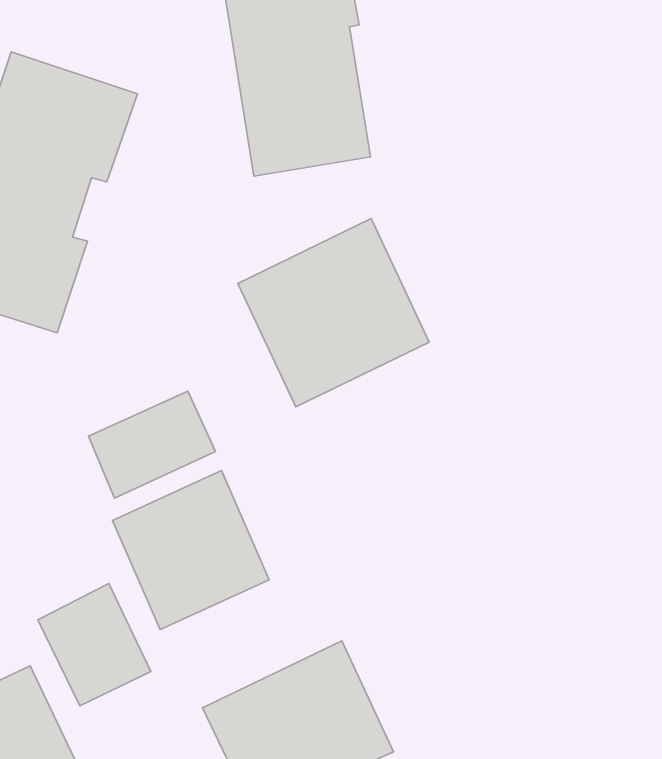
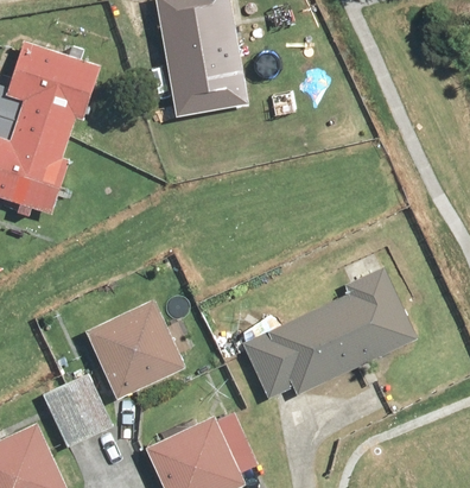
building: [238,219,429,407] -> none
building: [89,391,215,498] -> none
building: none -> [241,252,414,399]

